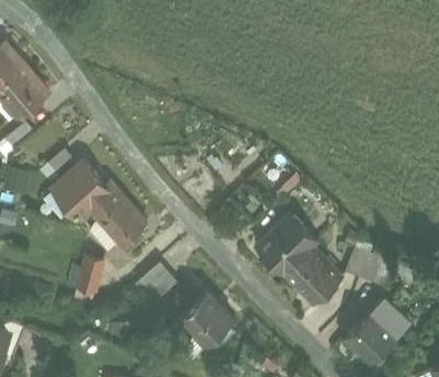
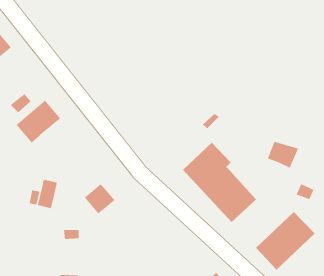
building: [83,180,147,252] -> none
building: [344,251,383,285] -> [267,141,299,169]
building: [176,291,234,349] -> none

